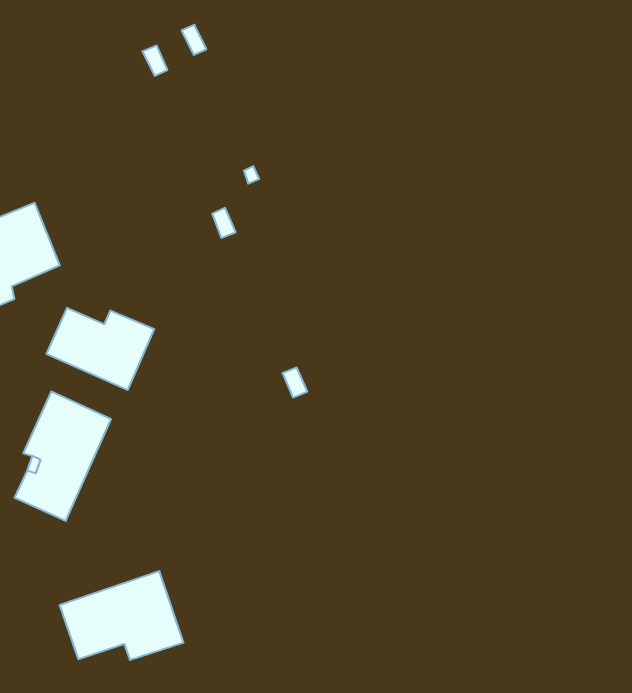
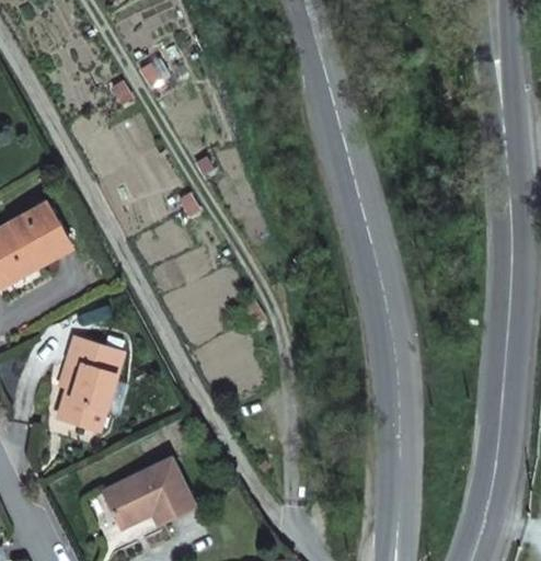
building: [46,308,154,390] -> none

